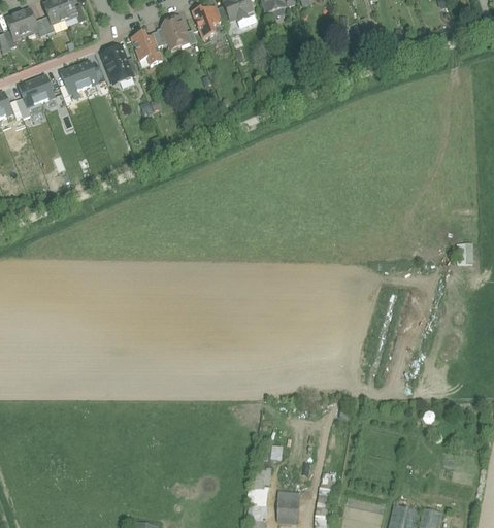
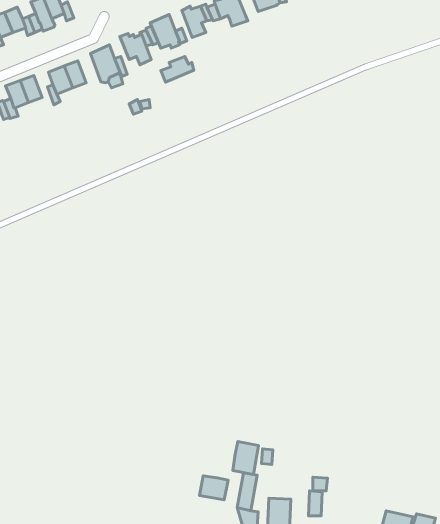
building: none -> [161,56,194,82]
building: none -> [233,442,259,474]
building: none -> [200,476,228,500]

